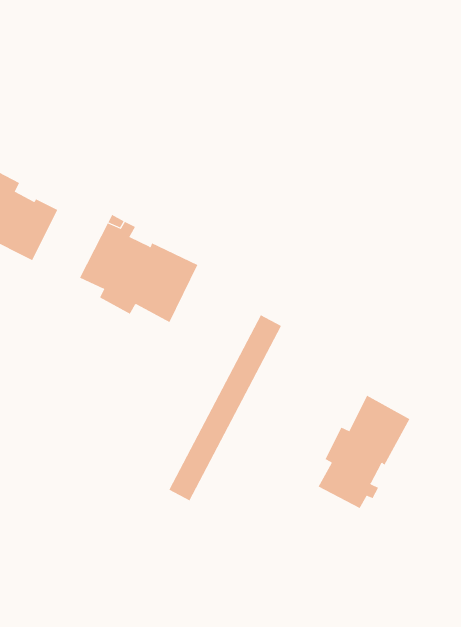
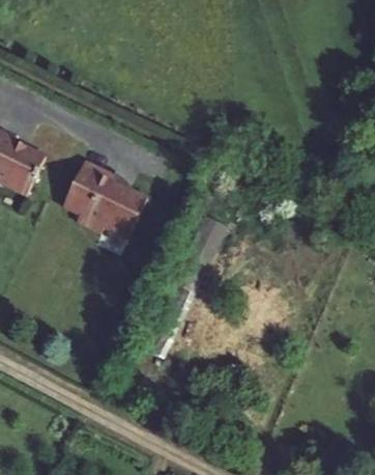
building: [318,395,410,509] -> none

